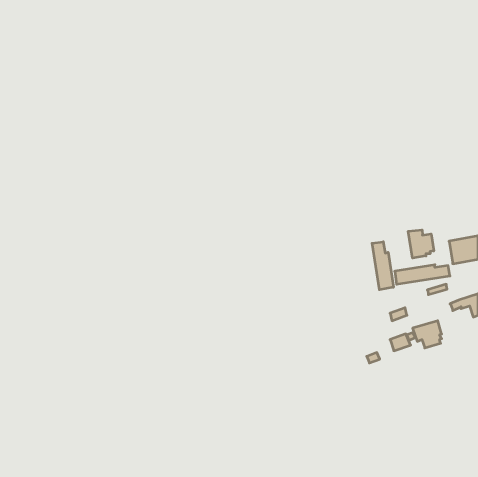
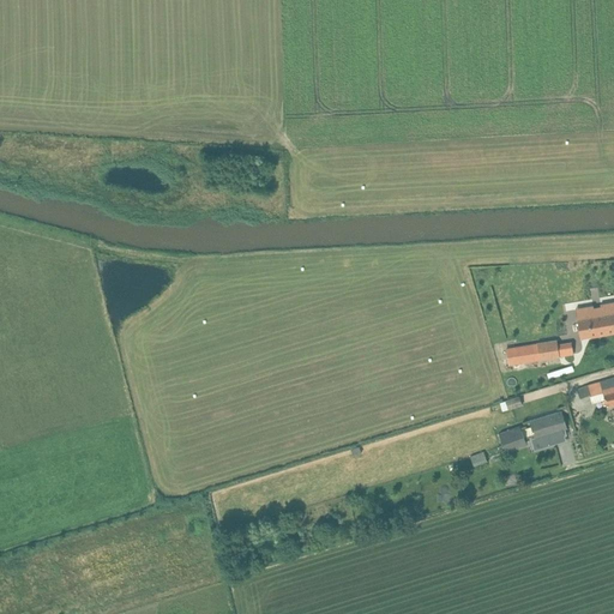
building: [408,230,434,258] -> none
building: [372,242,393,290] -> none

